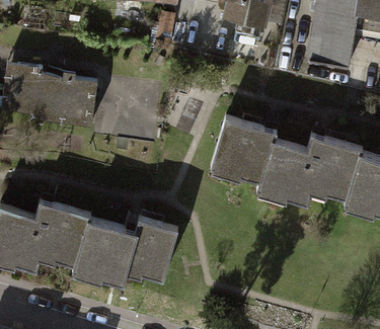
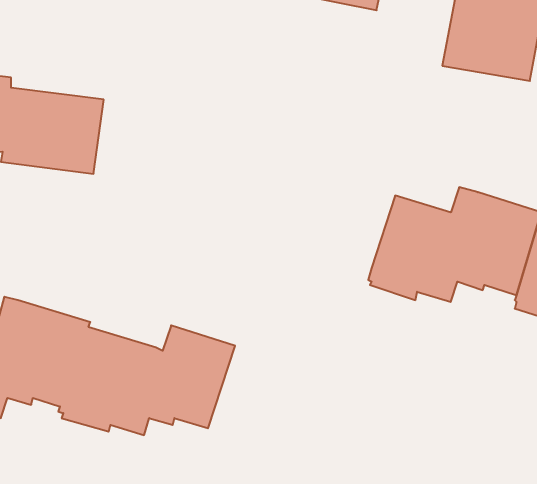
building: [211,113,278,181] -> none

